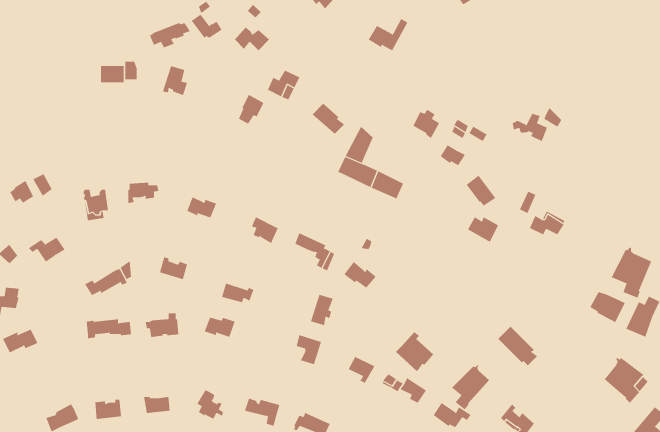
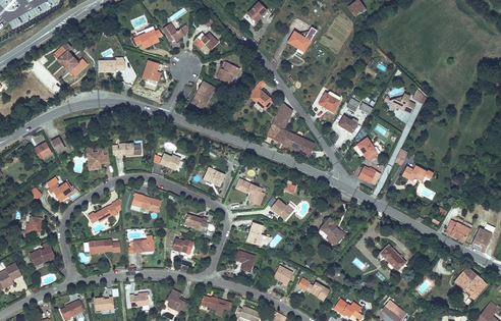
building: none -> [54,42,88,76]
building: [611,247,652,298] -> none
building: [395,332,434,372] -> [317,218,344,247]
building: [451,364,490,410] -> none

